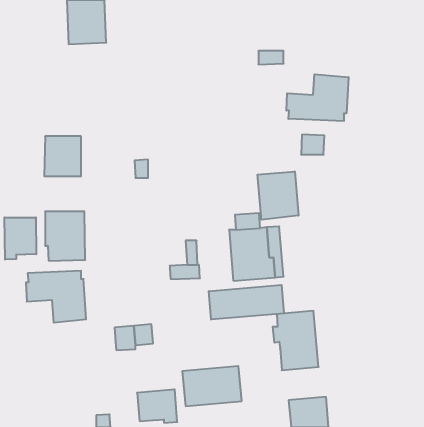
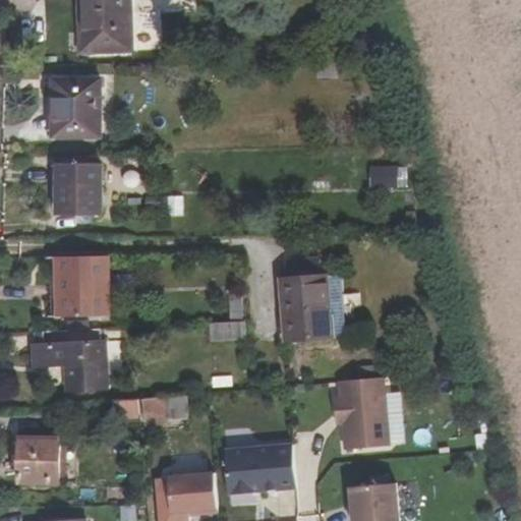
building: none -> [54,80,98,137]
building: [286,74,348,121] -> none
building: [258,171,298,220] -> none
building: [4,217,36,260] -> none
building: [209,285,284,320] -> none
building: none -> [16,438,58,484]

